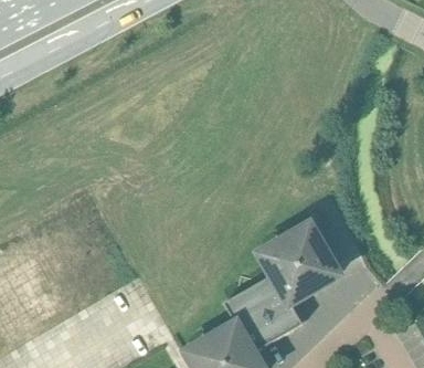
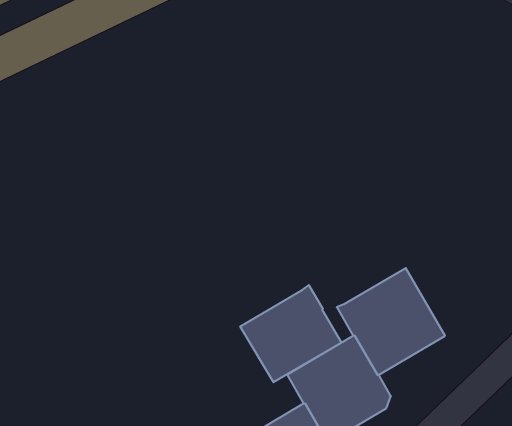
building: none -> [240,285,341,382]

